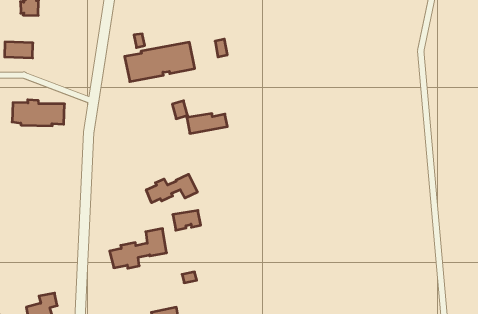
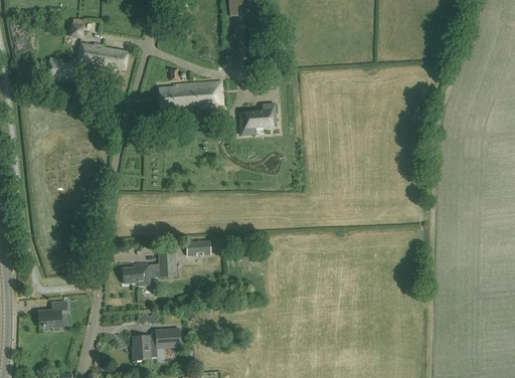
building: [12,100,65,126] -> [77,42,129,69]
building: [187,114,227,133] -> [239,111,277,127]
building: [146,174,197,203] -> none

